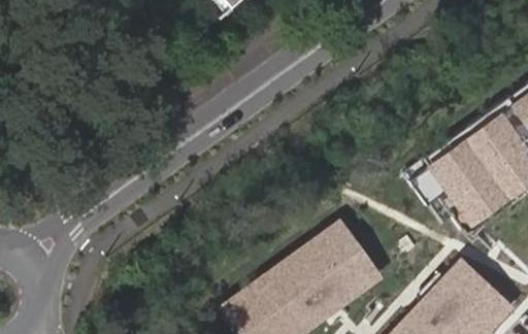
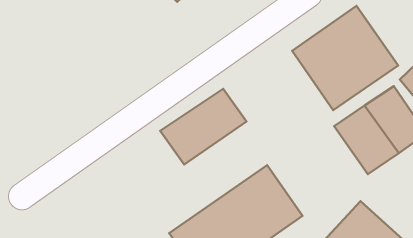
building: none -> [292,6,398,110]
building: none -> [160,89,246,165]

